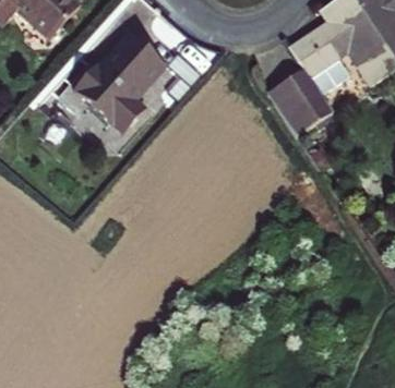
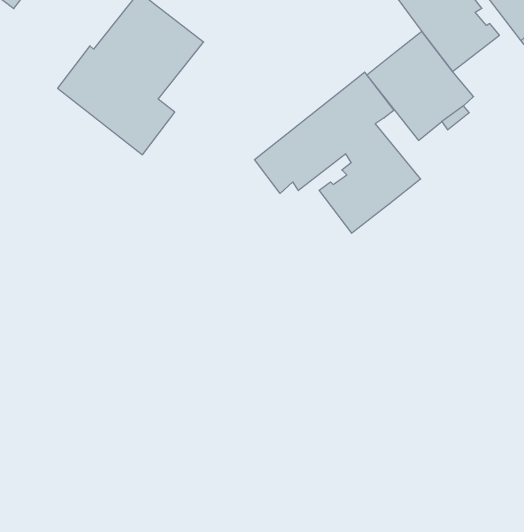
building: none -> [255,72,421,233]

